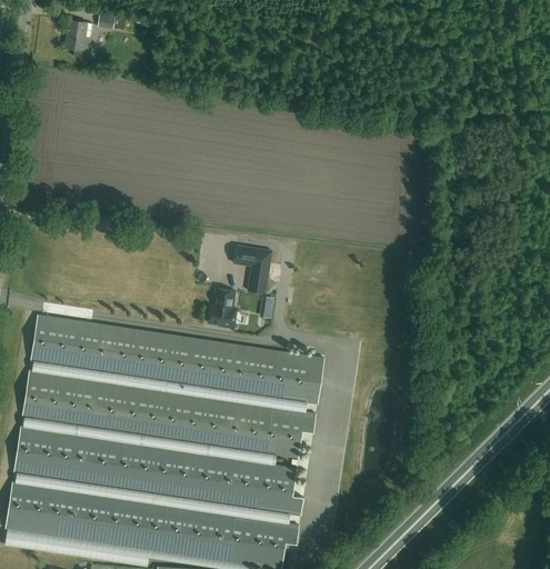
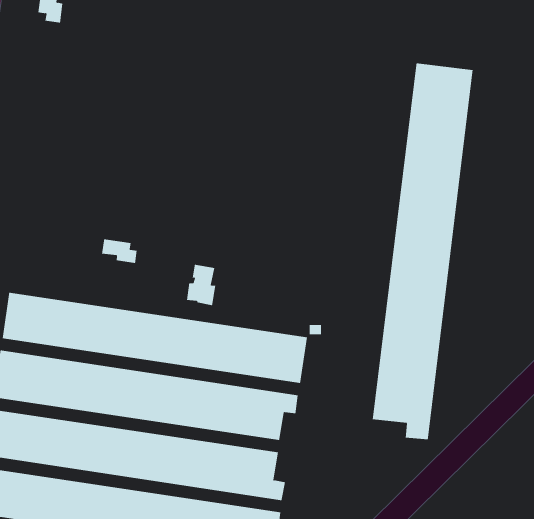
building: none -> [372,63,473,440]
building: [231,247,269,293] -> none
building: none -> [102,238,137,264]

